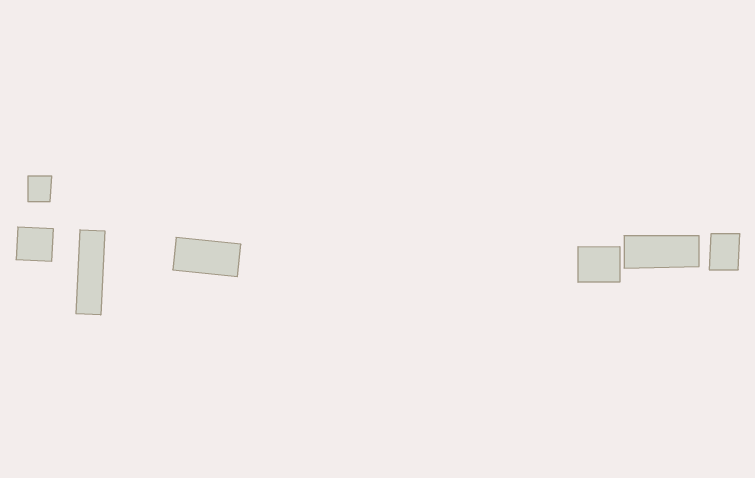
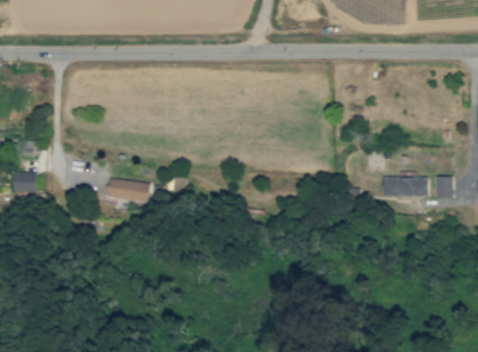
building: [76,230,105,315] -> none
building: [578,247,620,282] -> none

